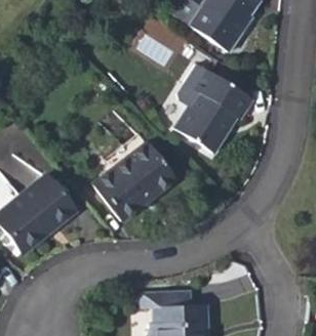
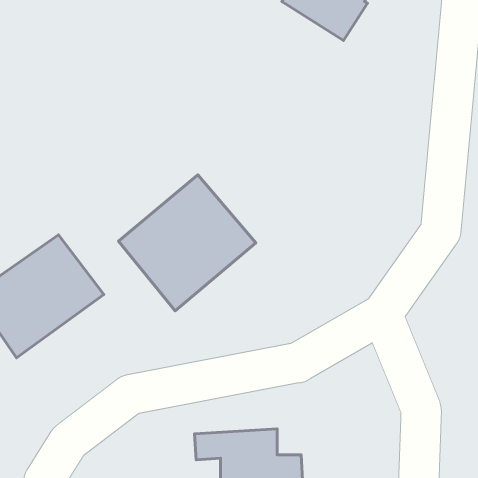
building: [173,61,251,152] -> none

